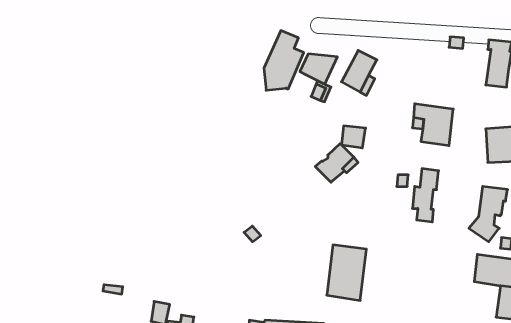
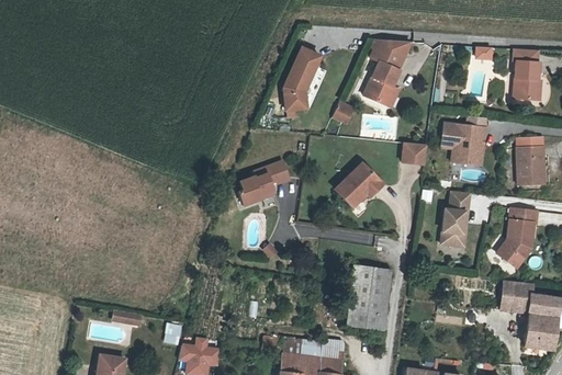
building: [300,54,337,84] -> [374,43,414,75]
building: [342,126,366,148] -> [400,138,425,161]
building: none -> [238,159,288,202]

